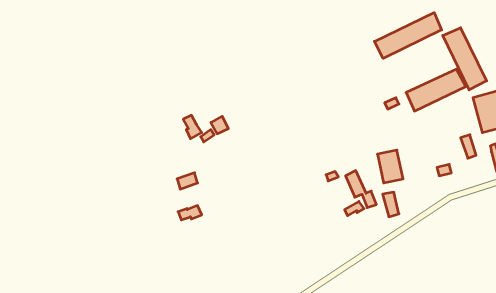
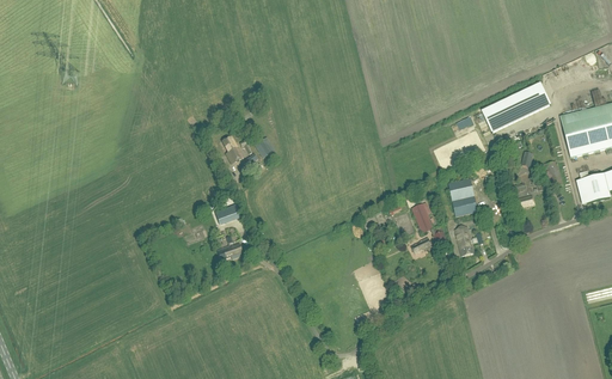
building: [374,13,442,58] -> none
building: [443,28,487,90] -> none

